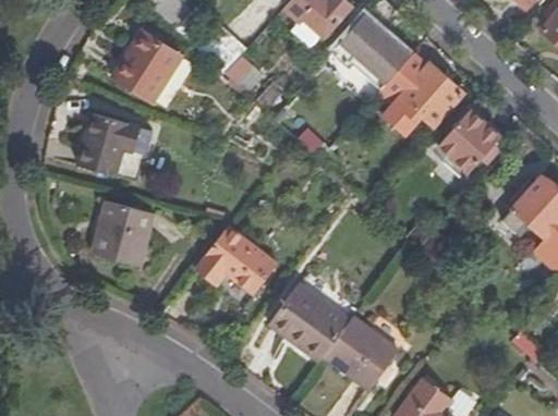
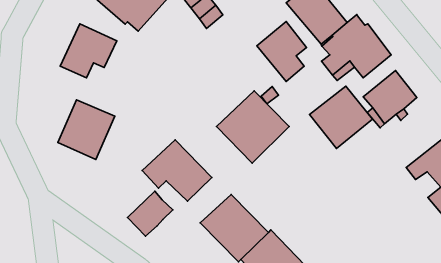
building: none -> [257,22,307,82]
building: none -> [309,86,373,149]
building: none -> [217,91,289,163]
building: none -> [127,191,173,236]

